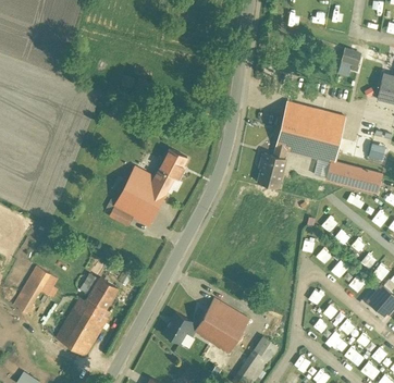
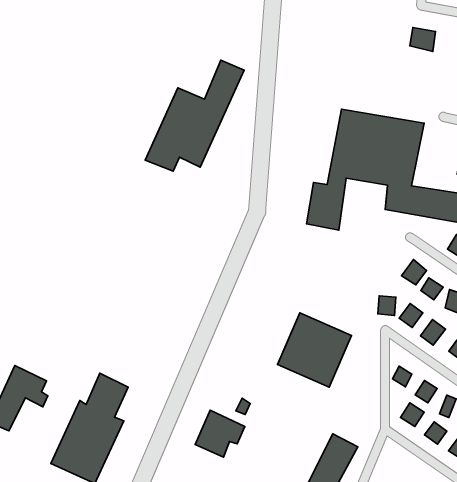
building: [108,149,185,226] -> [145,60,244,171]
building: [195,299,250,355] -> [277,313,352,387]

